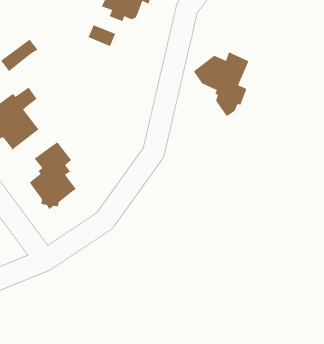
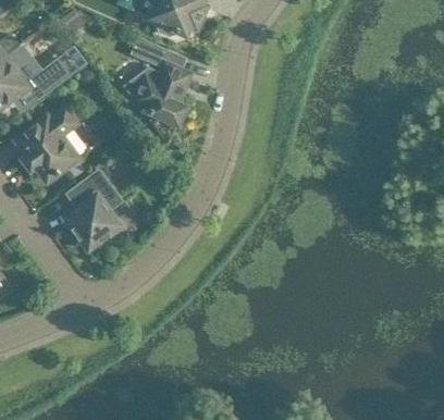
building: [193,51,250,117] -> [124,63,188,138]

